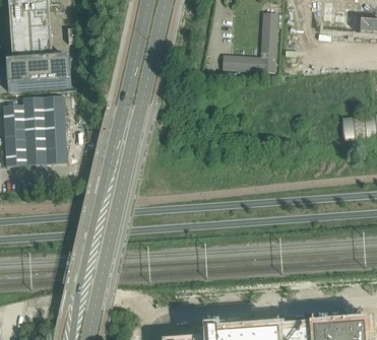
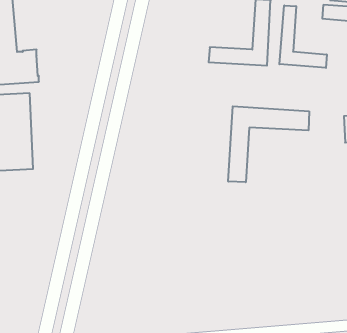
building: none -> [279,5,327,68]
building: none -> [228,106,309,182]

